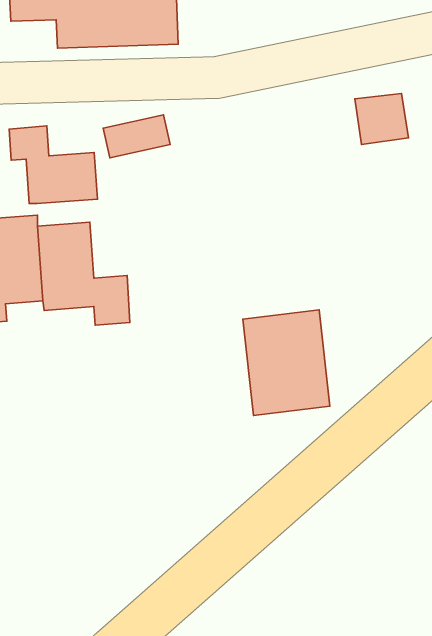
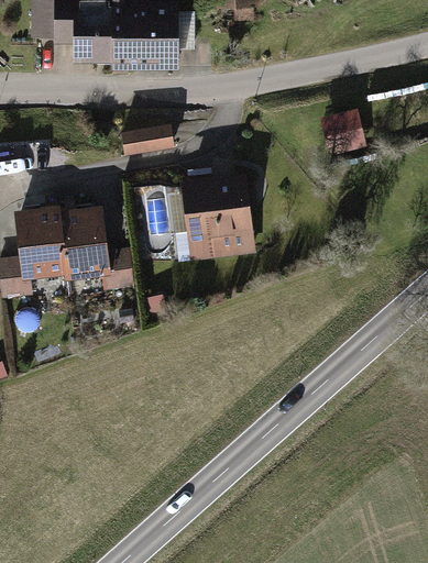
building: [9,126,97,204] -> none
building: [243,310,330,415] -> [180,172,252,258]

